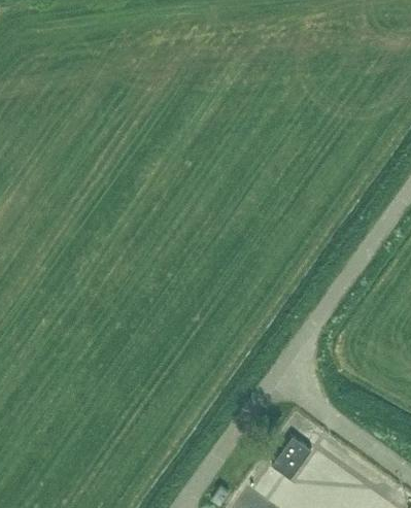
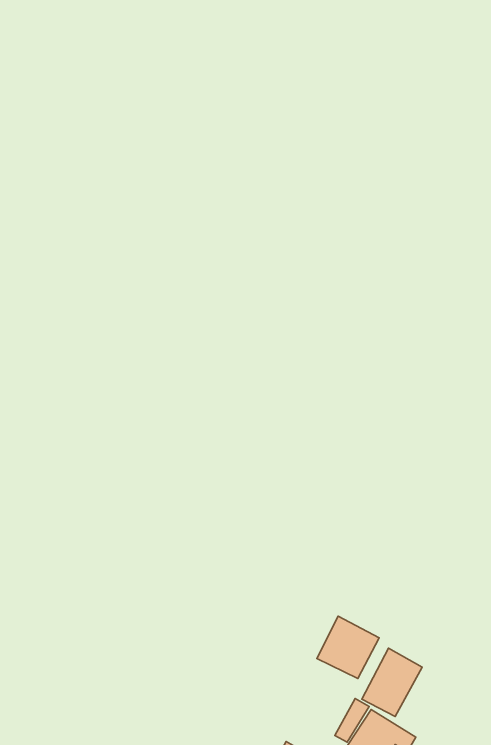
building: none -> [317,616,379,679]

